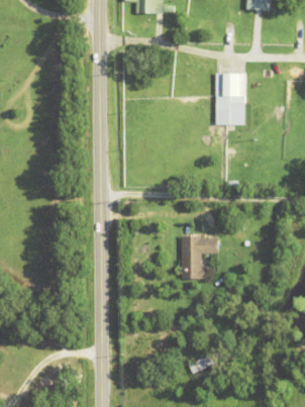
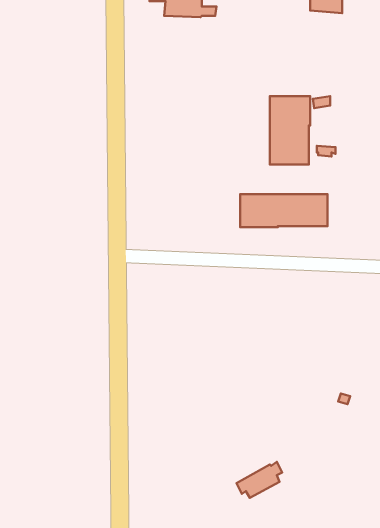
building: none -> [240,194,327,227]
building: [180,235,217,279] -> none

